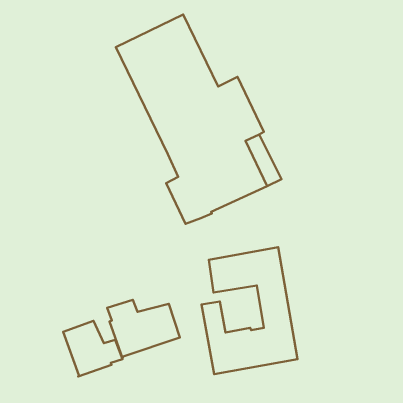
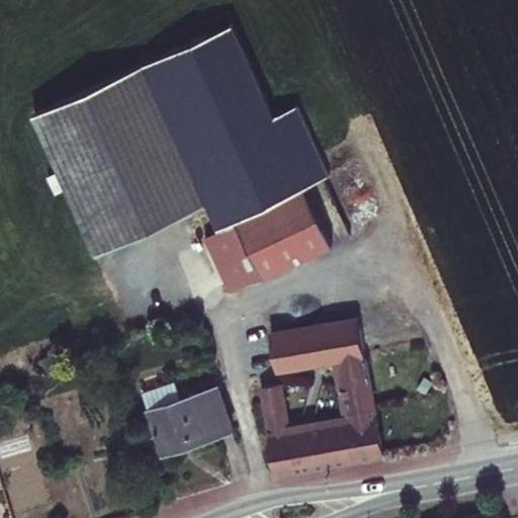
building: none -> [36,67,212,256]
building: [63,321,123,376] -> none

